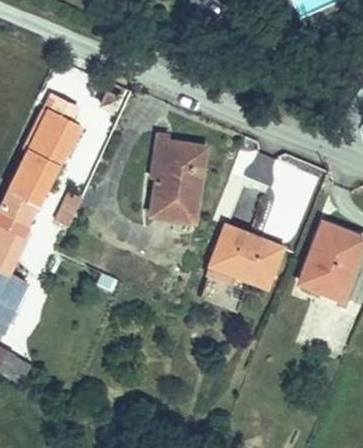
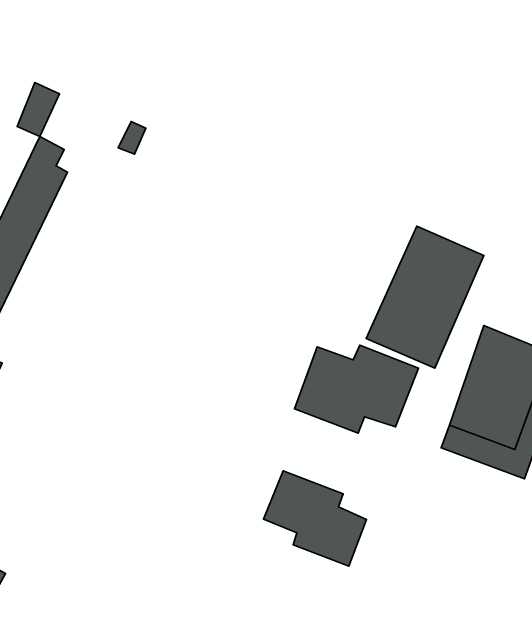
building: [152,129,209,222] -> none
building: none -> [263,471,367,566]

